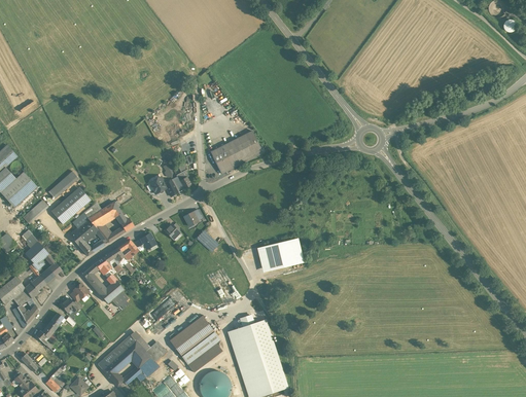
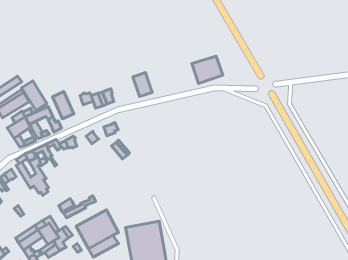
building: [223,131,262,167] -> [192,56,223,84]
building: none -> [22,81,47,110]
building: none -> [53,92,74,119]
building: [255,238,303,273] -> none

